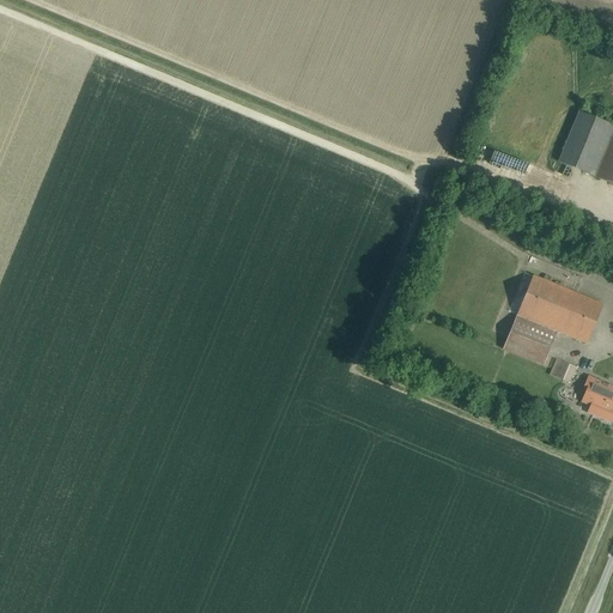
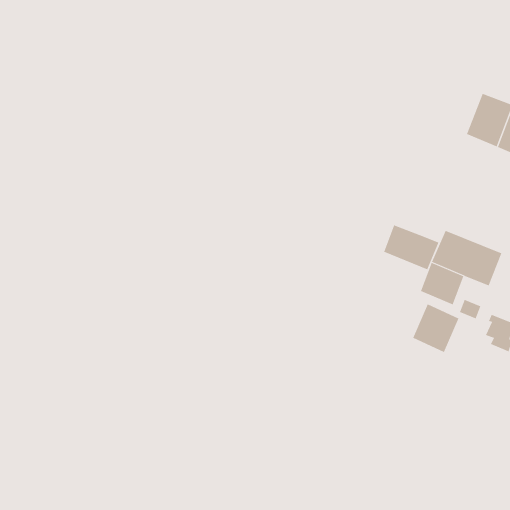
building: none -> [384,224,439,270]
building: none -> [413,303,459,353]

